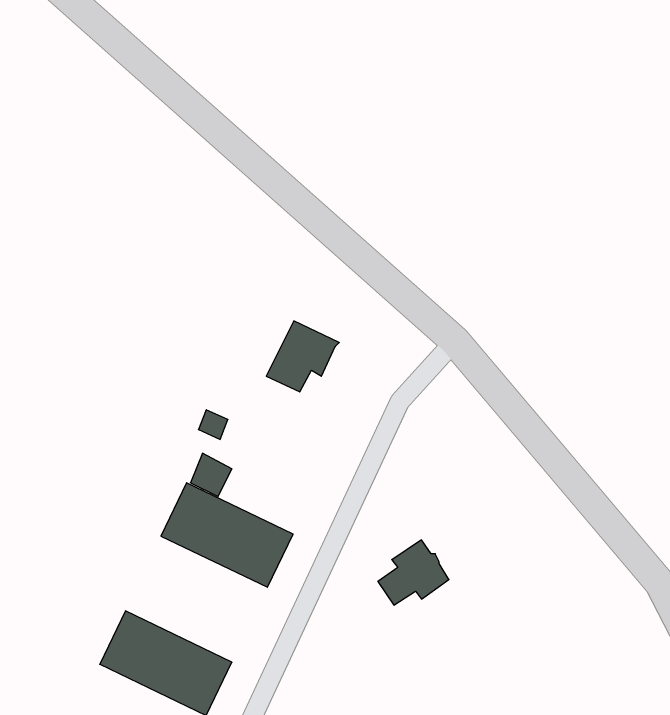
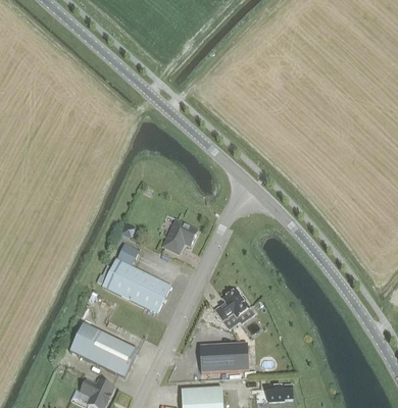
building: [266,321,339,392] -> [160,217,198,254]
building: none -> [199,343,248,372]

